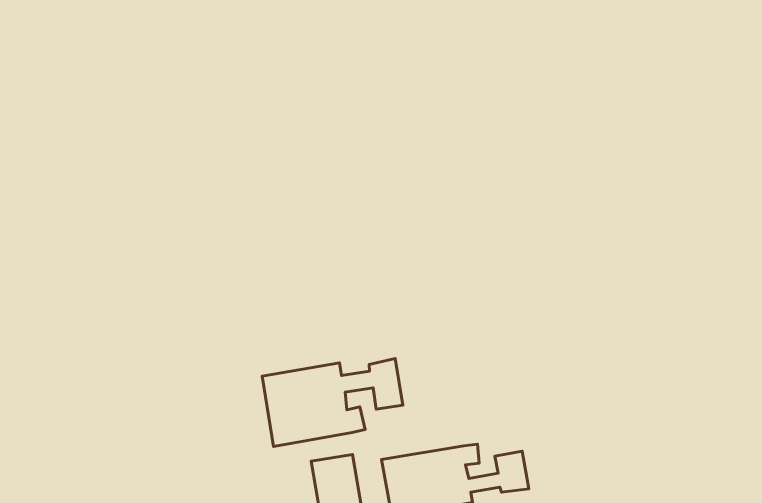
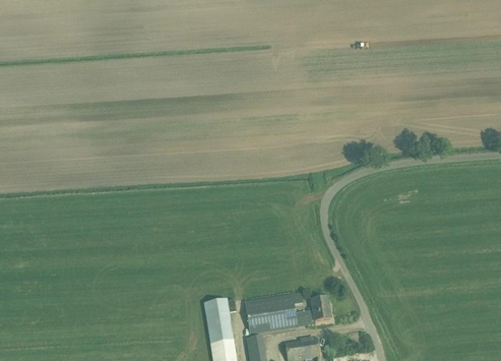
building: [262,358,403,446] -> none

